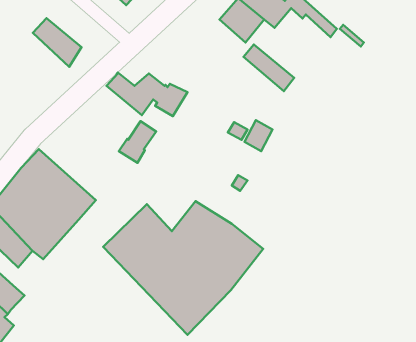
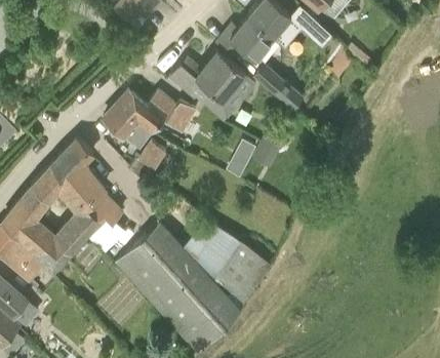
building: [33,18,82,67] -> [104,104,152,152]
building: none -> [170,50,256,120]
building: none -> [50,137,125,251]

